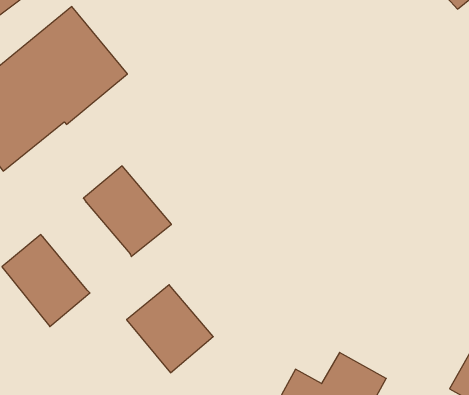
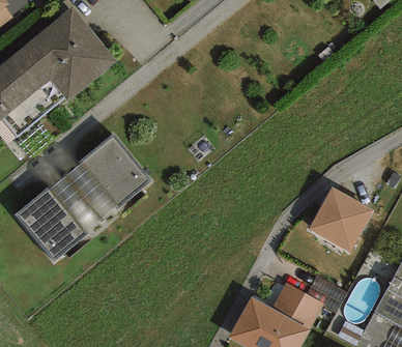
building: none -> [309,186,373,253]
building: [127,285,213,373] -> [49,163,118,233]

